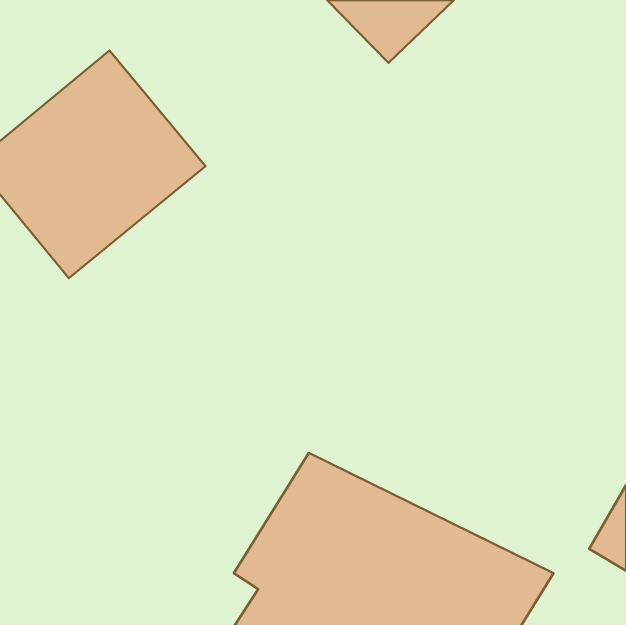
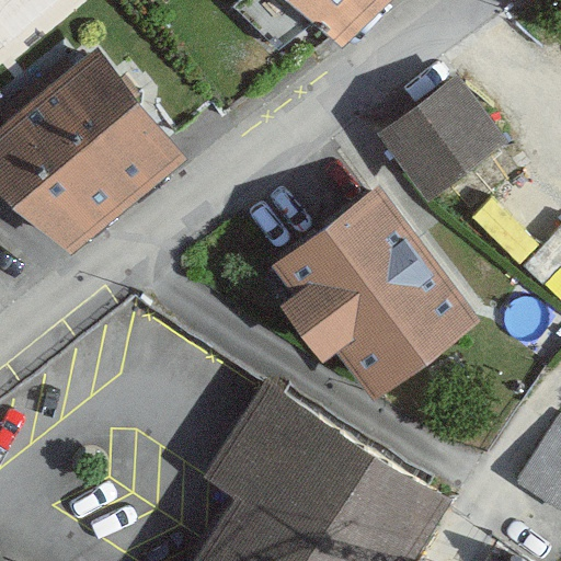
building: none -> [373,72,506,205]
building: none -> [275,191,472,396]

